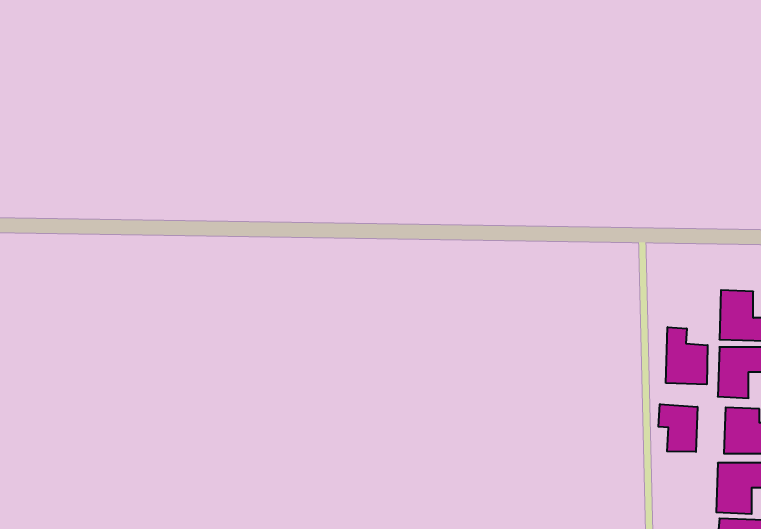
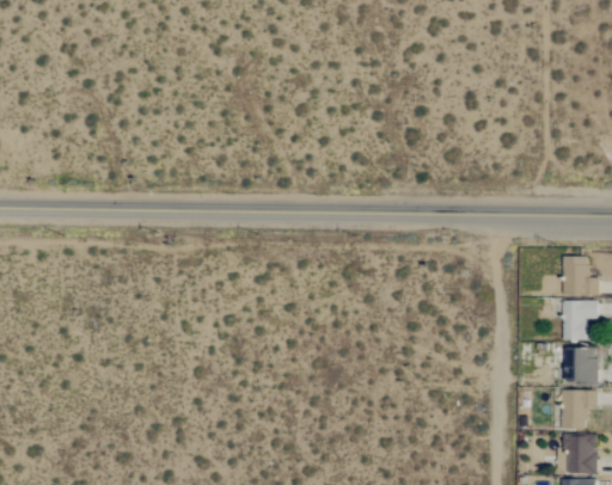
building: [666,327,708,384] -> none
building: [658,404,697,452] -> none

